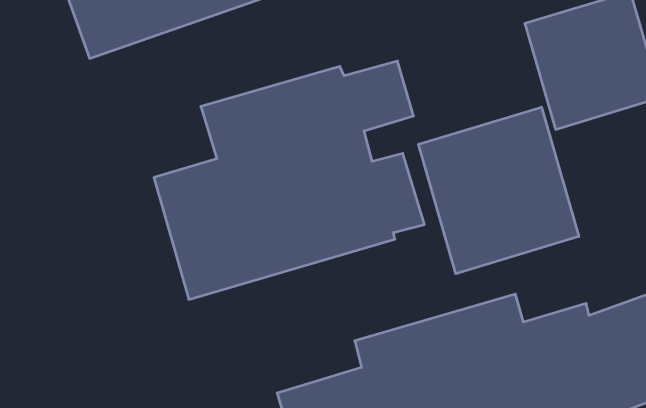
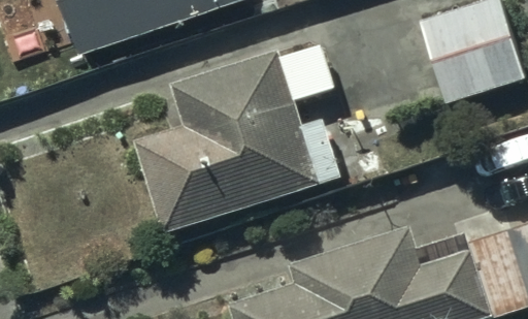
building: [419,107,579,274] -> none

